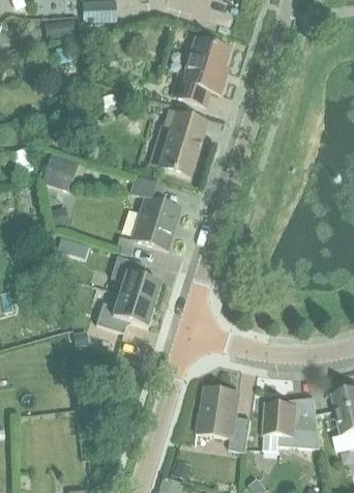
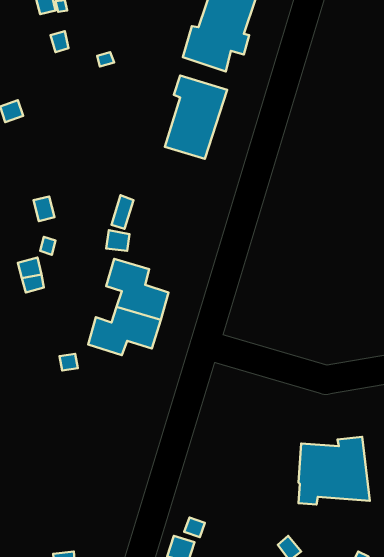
building: [41,152,79,190] -> none
building: [129,174,179,250] -> none
building: [196,386,250,451] -> none

